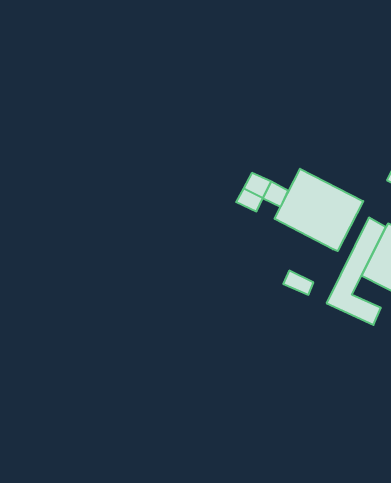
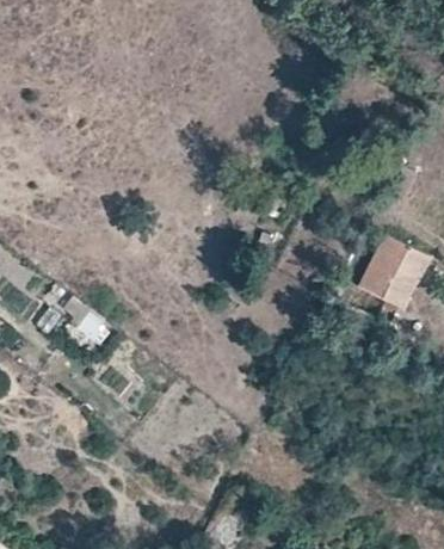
building: [275,169,363,251] -> none

